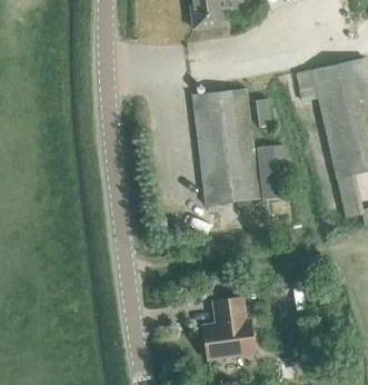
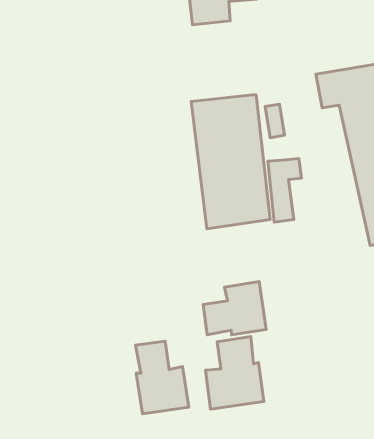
building: none -> [203,282,266,335]
building: none -> [136,341,189,414]

